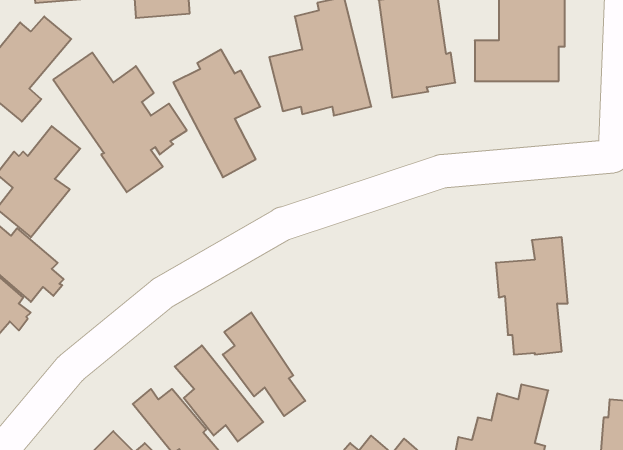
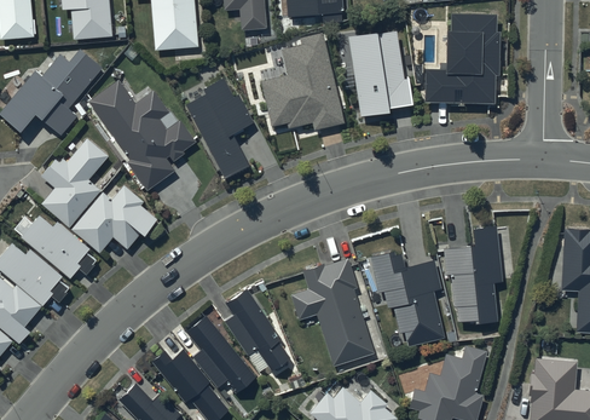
building: none -> [71,186,157,253]
building: none -> [370,252,445,346]
building: none -> [291,258,375,366]

